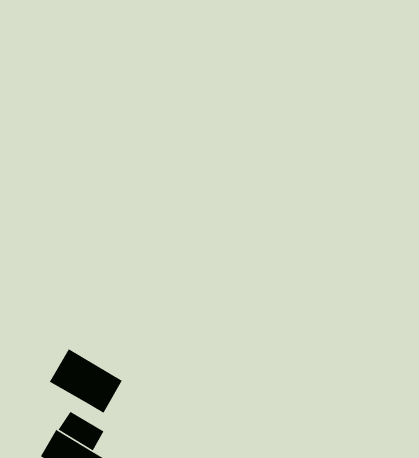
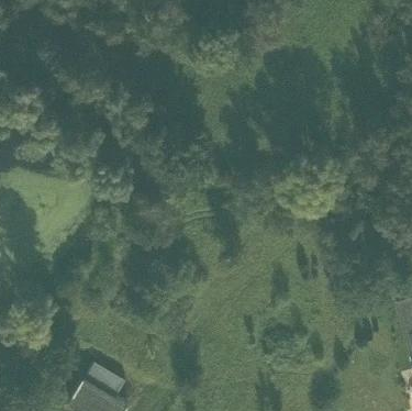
building: [48,348,123,414] -> none

